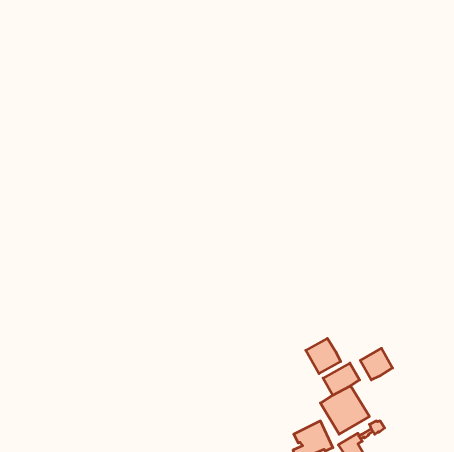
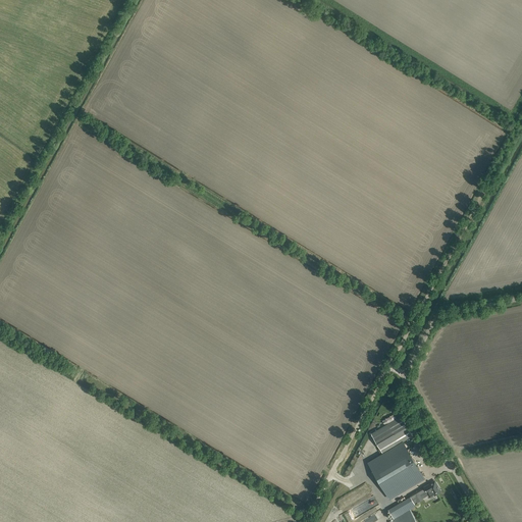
building: [306,338,341,374] -> none
building: [360,348,393,380] -> none

